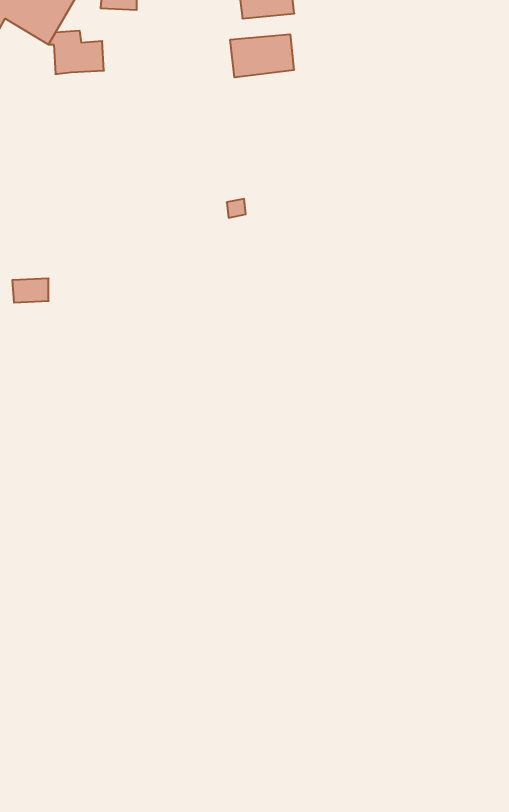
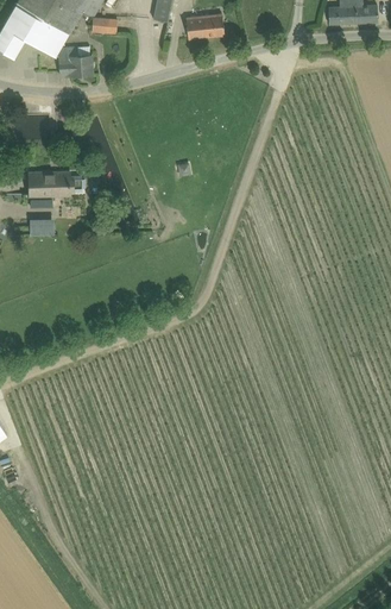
building: [230,34,294,77] -> none
building: none -> [29,171,84,195]

